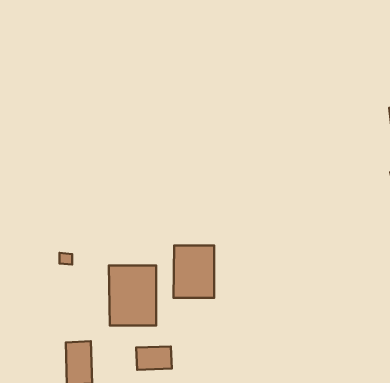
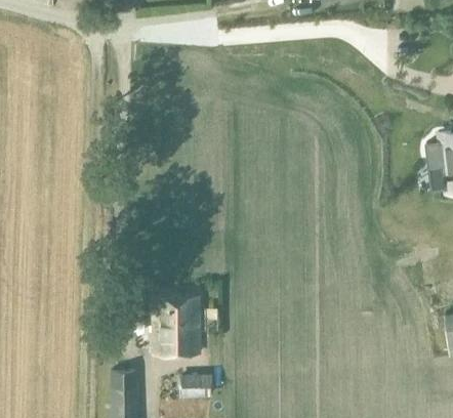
building: [173,245,214,298] -> none

